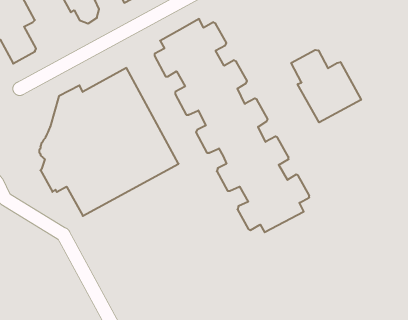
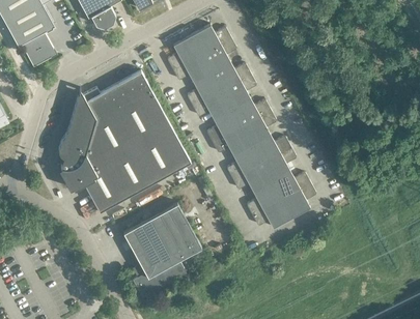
building: [291,50,361,122] -> none
building: none -> [121,199,202,298]

